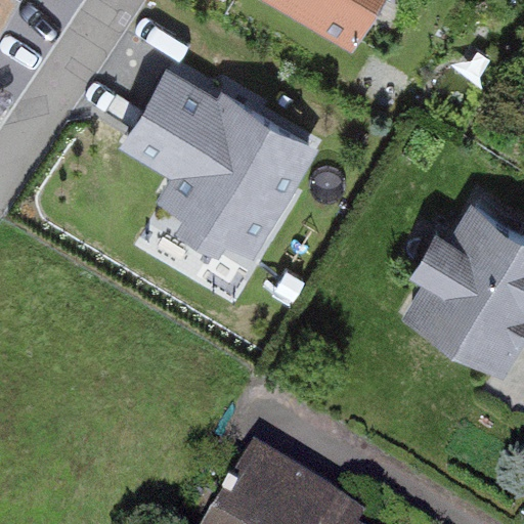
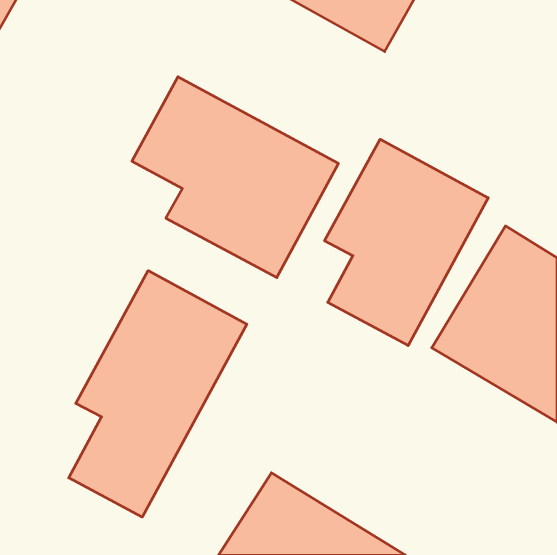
building: none -> [325,139,488,346]
building: none -> [69,271,247,517]

